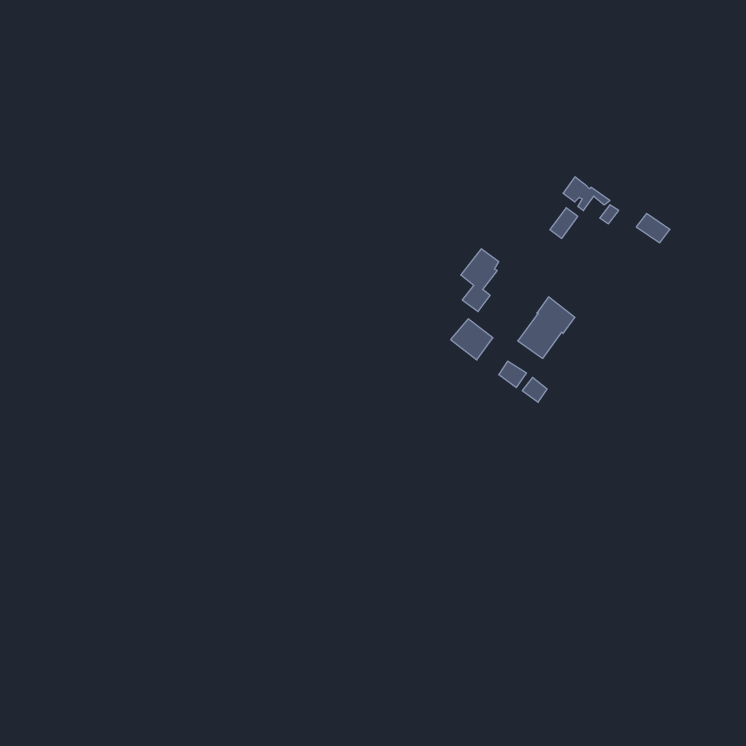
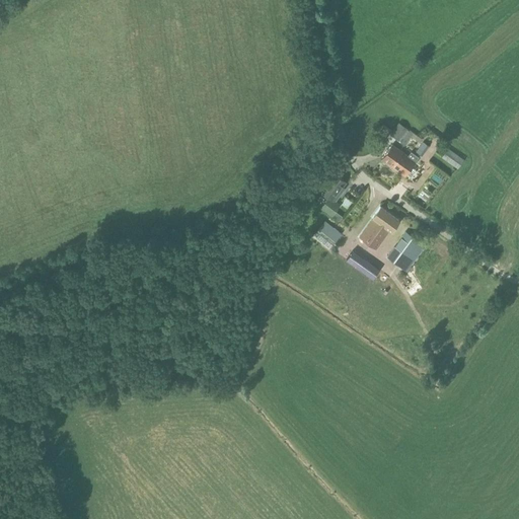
building: none -> [390,151,420,178]
building: none -> [387,232,426,273]

